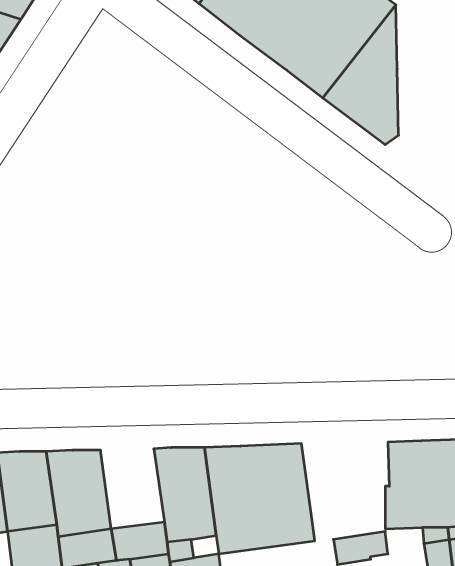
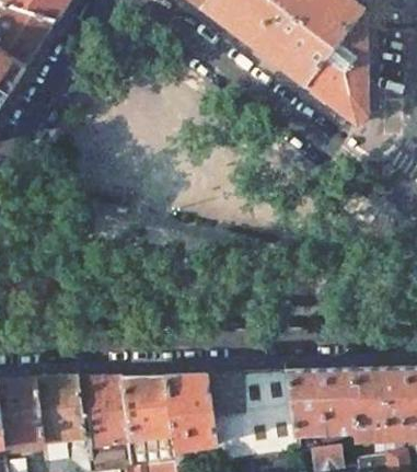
building: none -> [286,369,358,434]
building: none -> [120,375,173,440]

